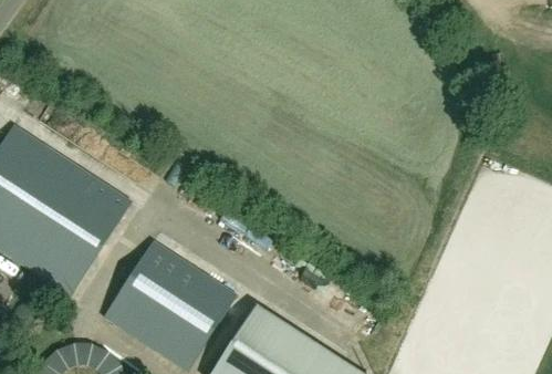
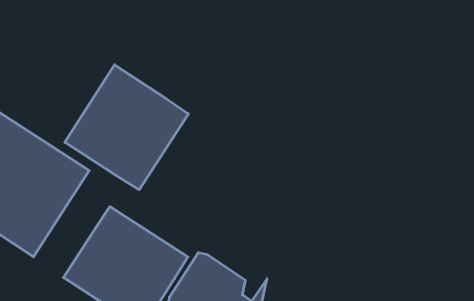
building: none -> [65,65,188,190]

